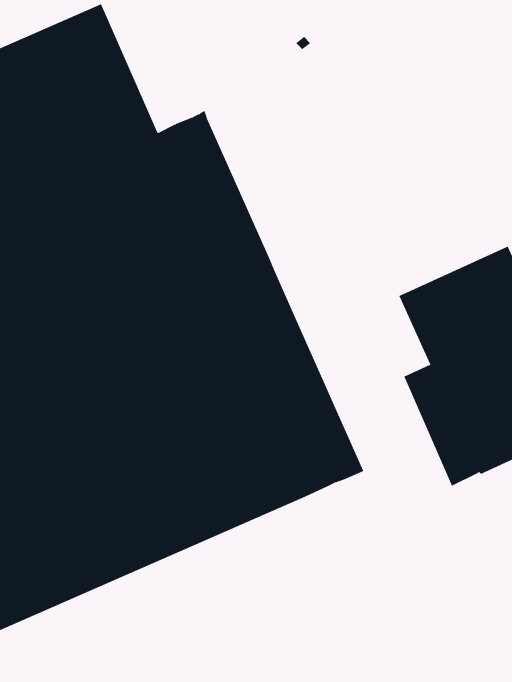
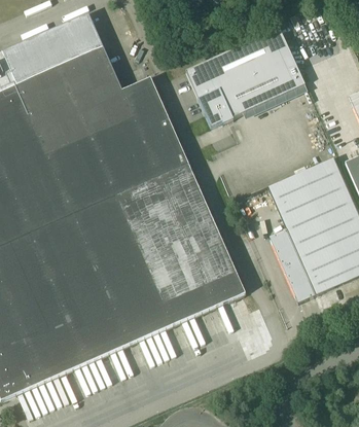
building: none -> [185,28,304,127]

